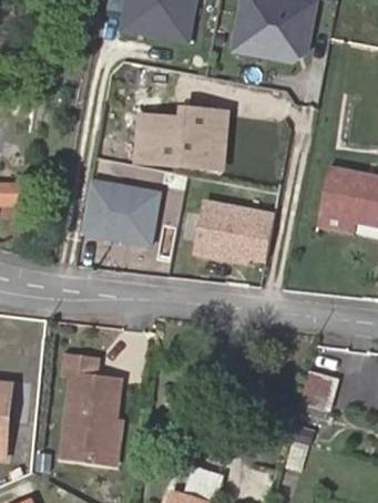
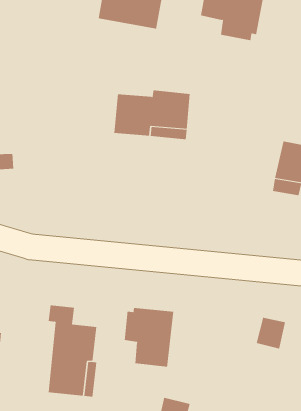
building: [84,177,162,243] -> none
building: [196,199,275,261] -> none
building: none -> [124,307,174,367]

